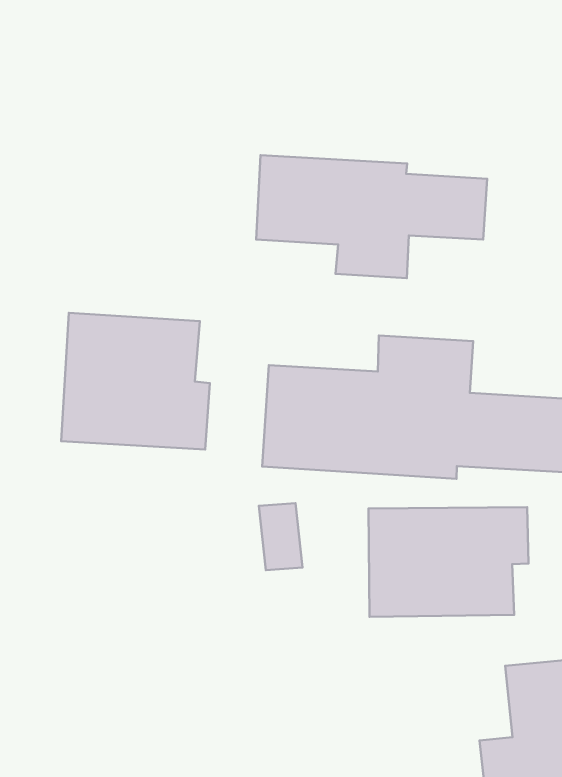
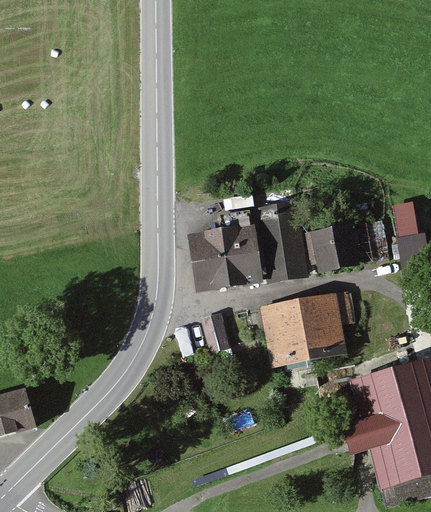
building: [256,155,487,278] -> none
building: [61,313,210,450] -> none

